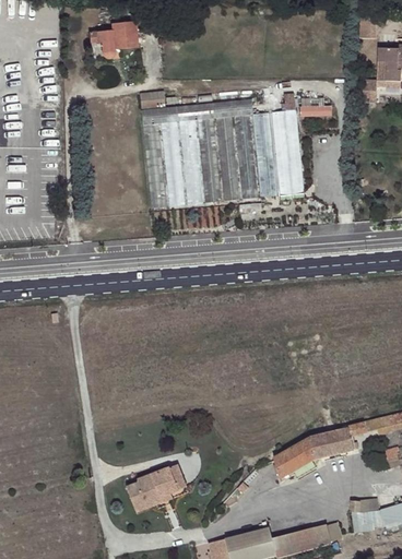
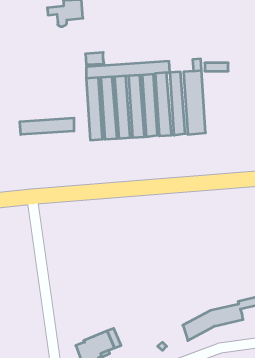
building: none -> [20,118,74,135]

